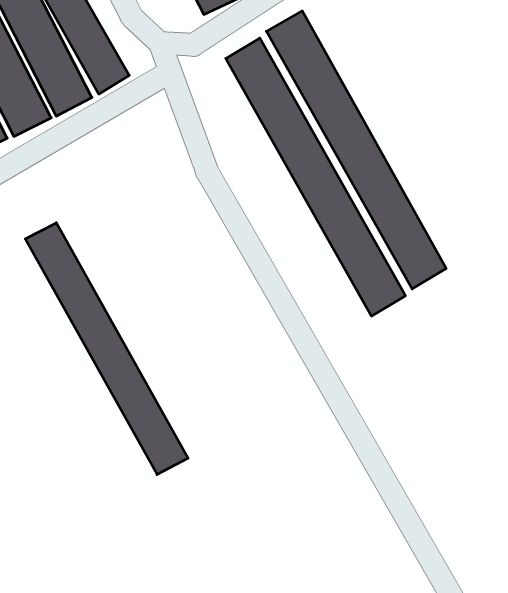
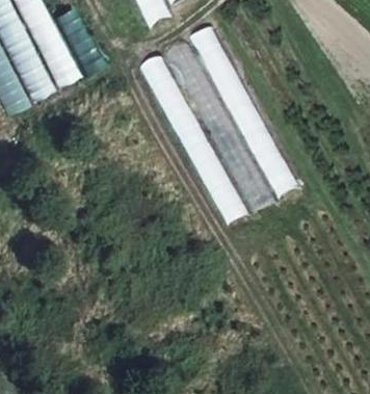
building: none -> [139,55,248,225]
building: [25,223,188,475] -> none

